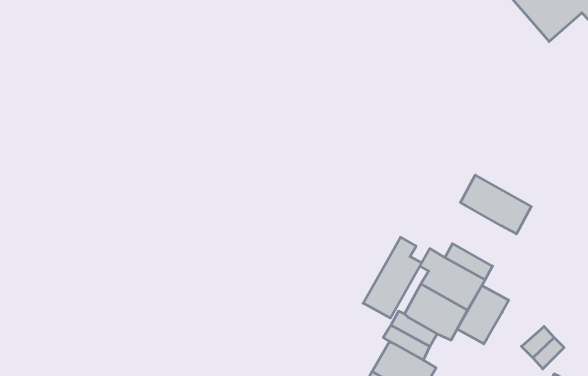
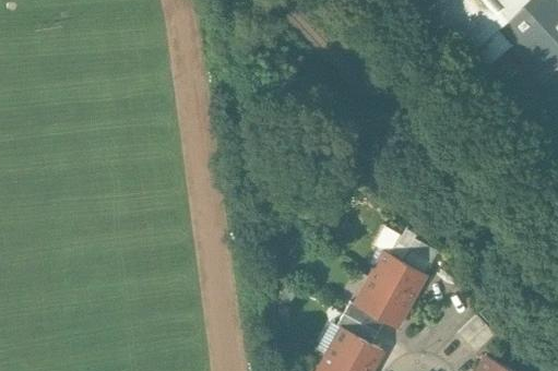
building: [460,175,531,234] -> none
building: [363,237,422,318] -> none
building: [457,285,509,344] -> none

